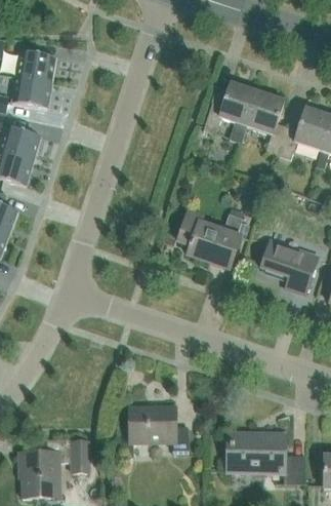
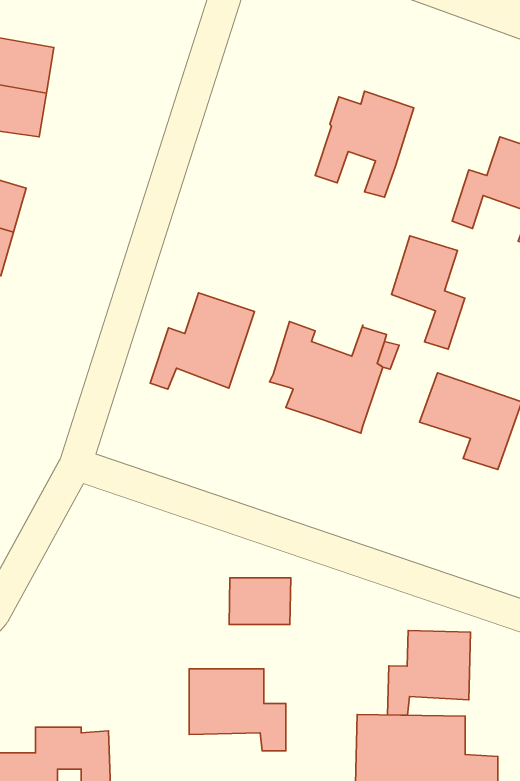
building: [248,90,289,154] -> [392,236,465,349]
building: none -> [150,293,254,389]
building: none -> [229,578,291,625]
building: none -> [388,630,470,715]

